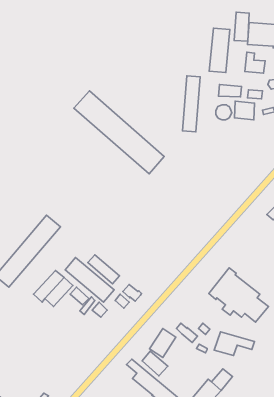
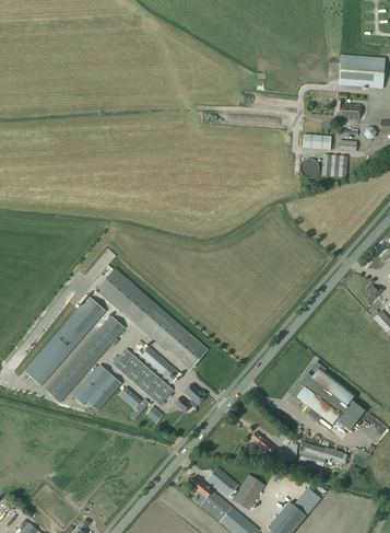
building: [234,12,249,41] -> none
building: [209,28,230,73] -> none
building: [183,76,200,132] -> none
building: [74,91,164,174] -> [95,267,208,371]
building: none -> [47,315,126,403]
building: [150,329,176,357] -> [233,474,265,510]

